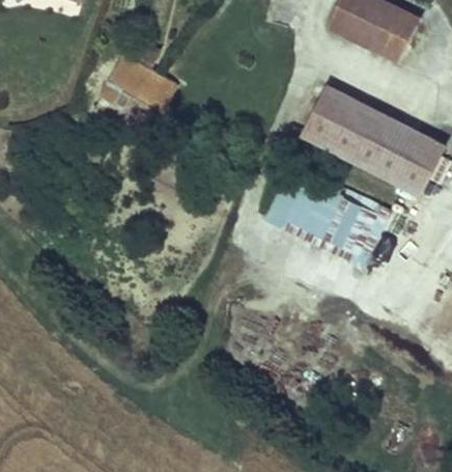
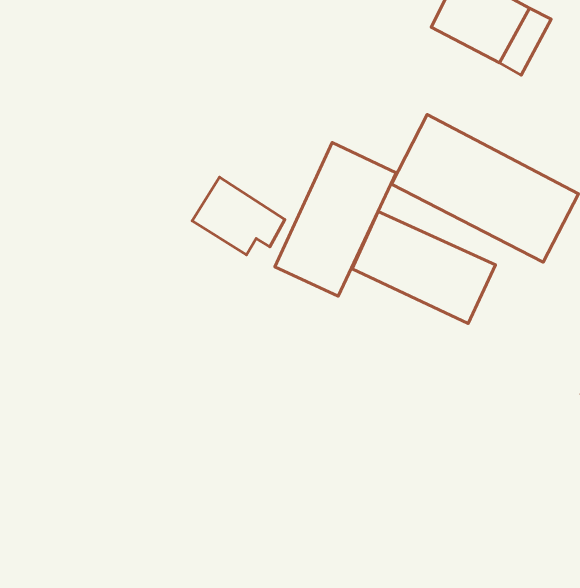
building: [108,48,178,107] -> [192,177,285,255]
building: none -> [275,143,396,296]

